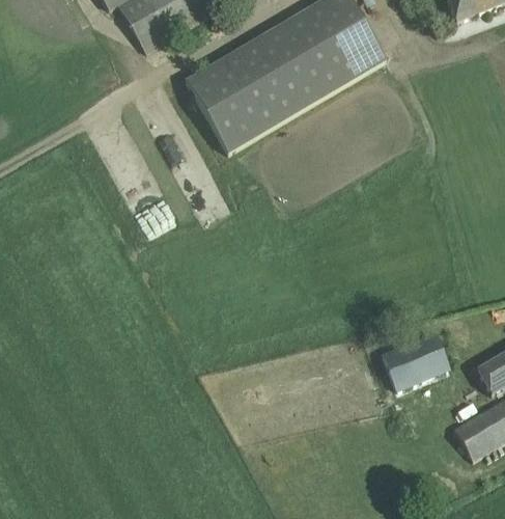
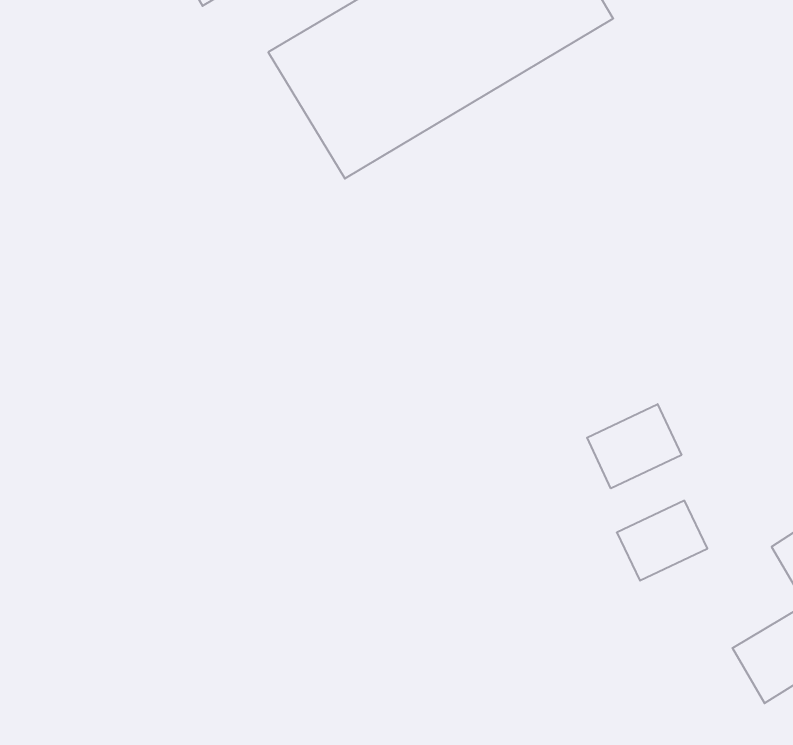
building: none -> [587,404,681,488]

